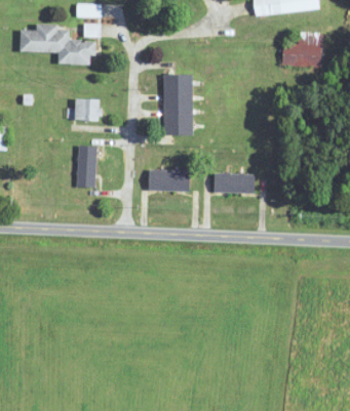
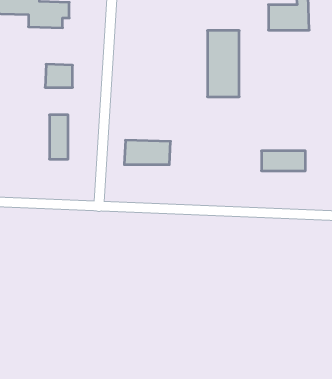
building: [163,75,193,136] -> [207,31,239,97]
building: [213,174,255,193] -> [261,151,305,171]

